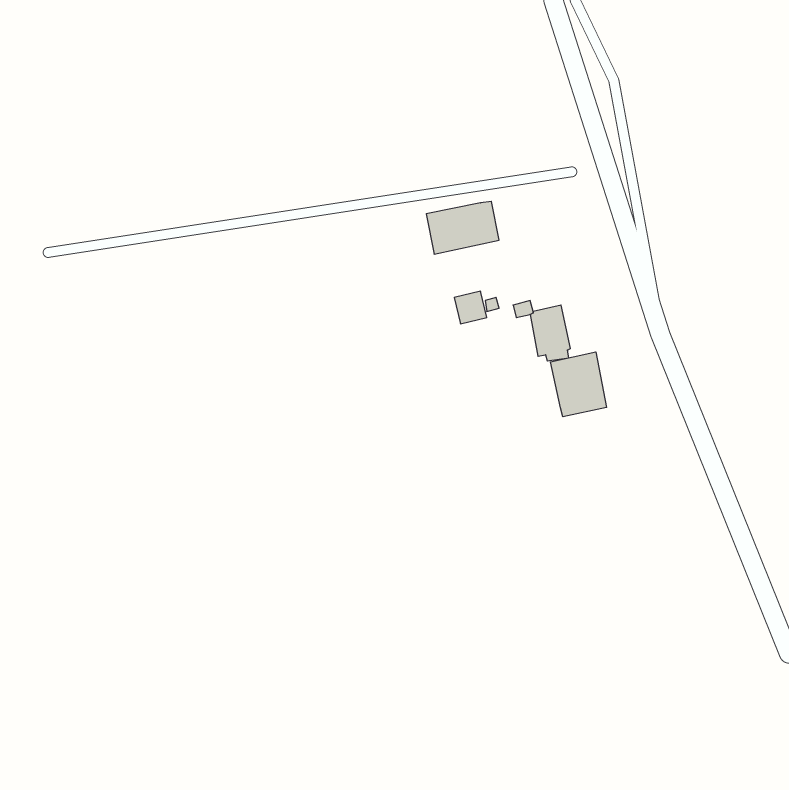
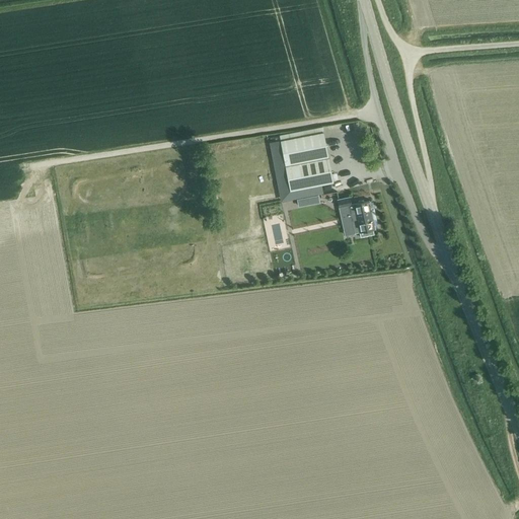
building: none -> [284,158,330,191]
building: [550,352,607,417] -> none

